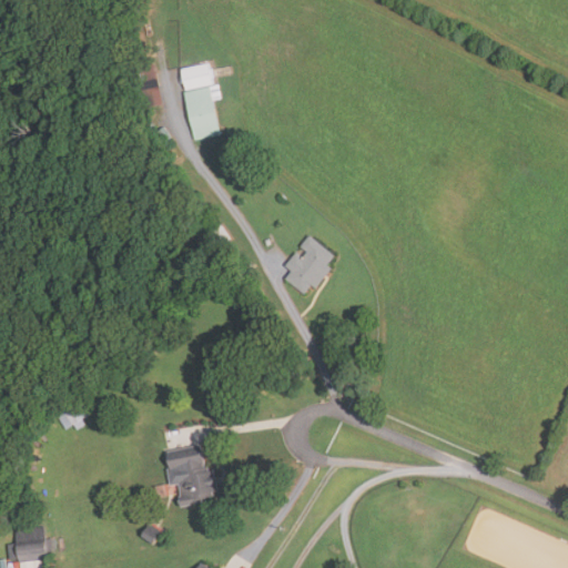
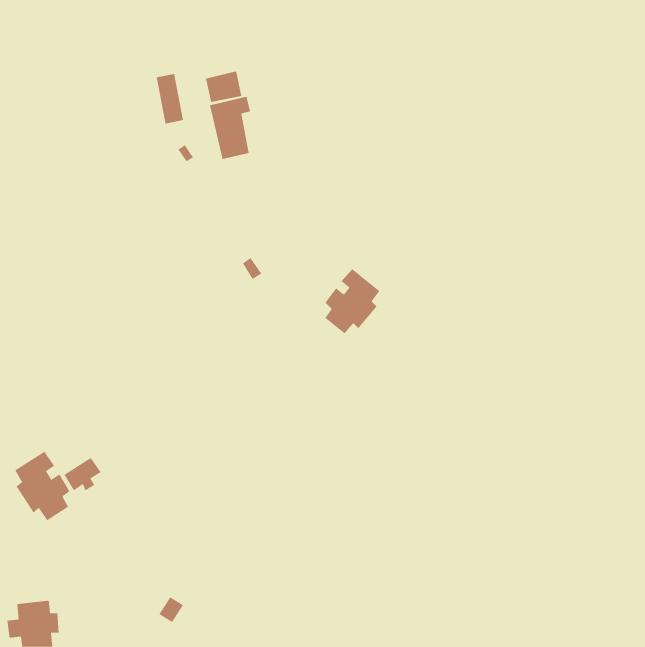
building: none -> [14,451,70,521]
building: [165,445,216,508] -> none

